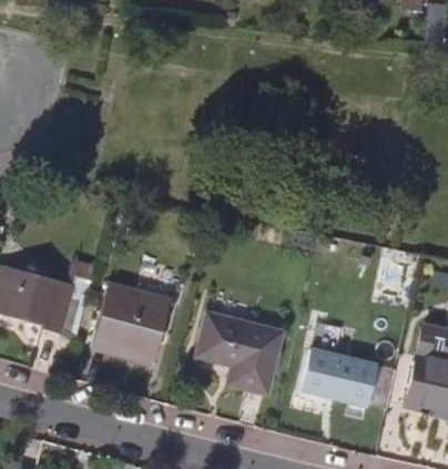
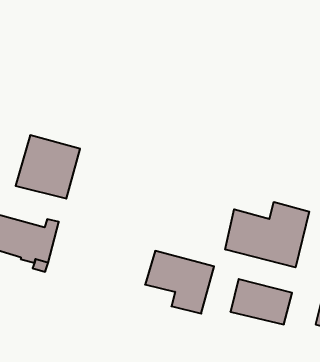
building: none -> [225,202,309,267]
building: [91,285,170,363] -> [16,135,80,199]

